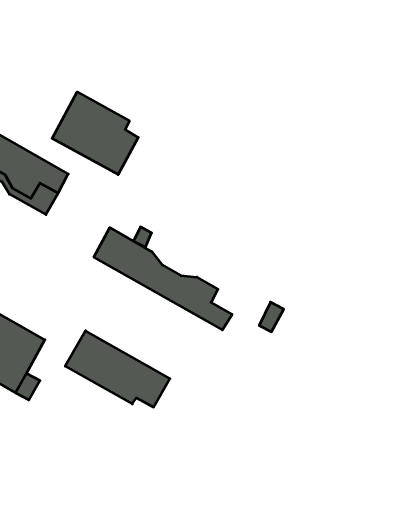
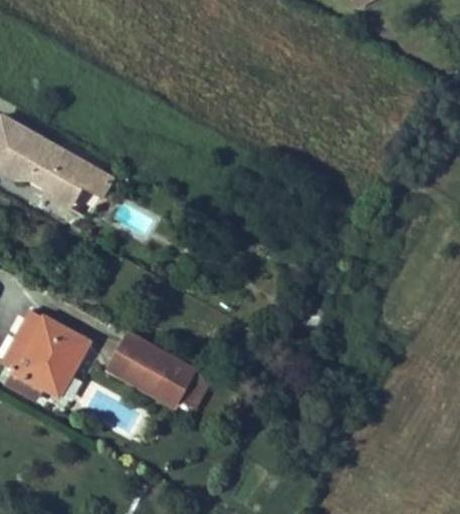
building: [52,92,138,175] -> none
building: [94,228,232,330] -> none

